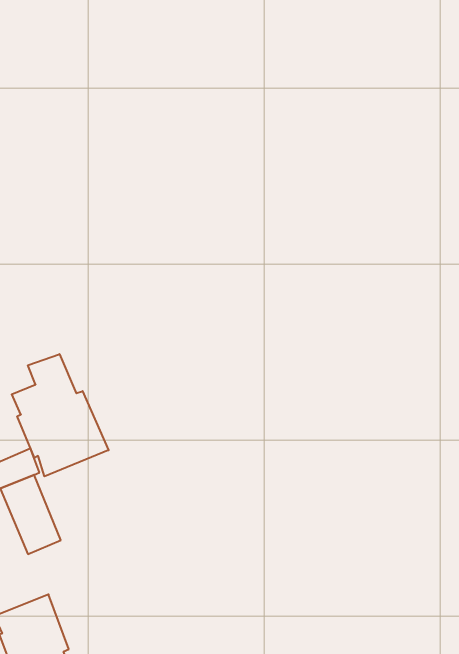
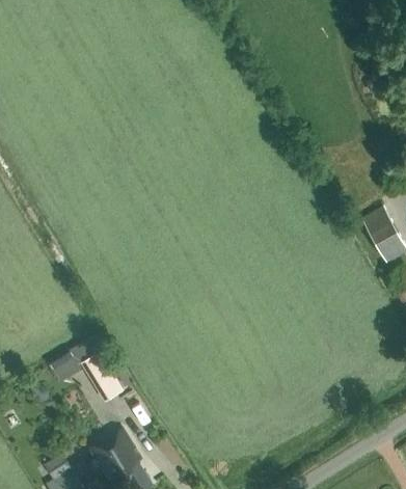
building: [12,354,109,476] -> none

